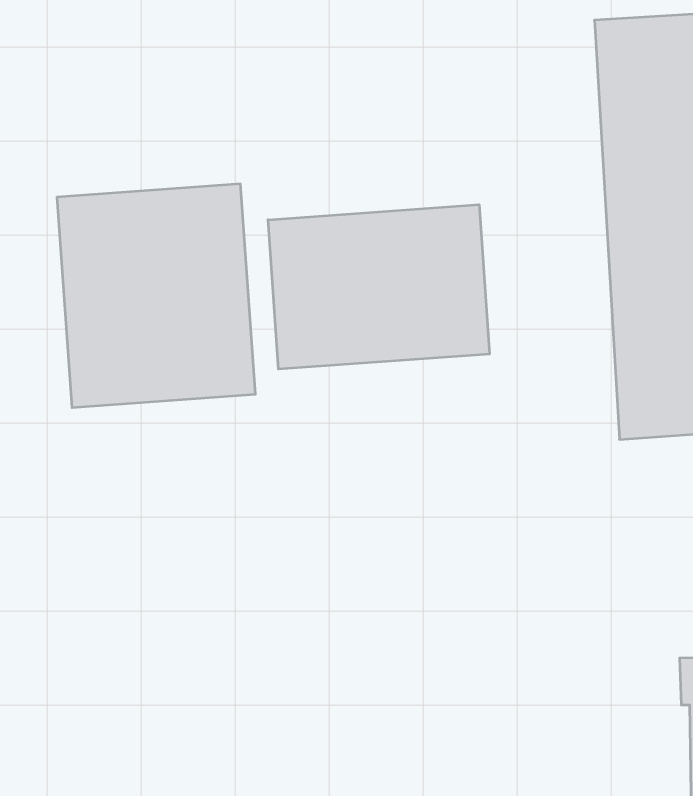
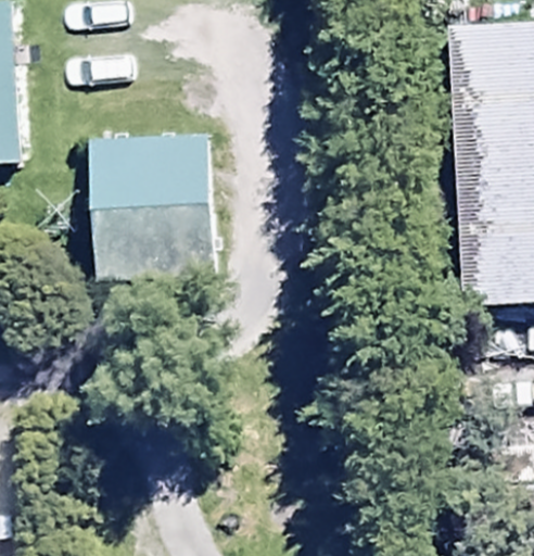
building: [268,205,489,369] -> none

